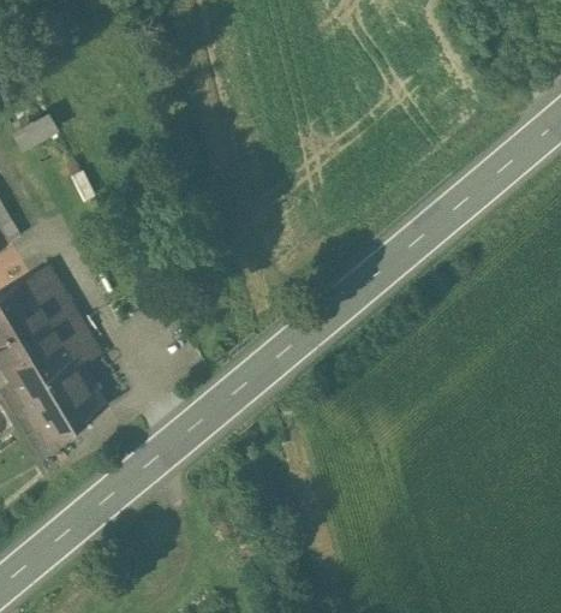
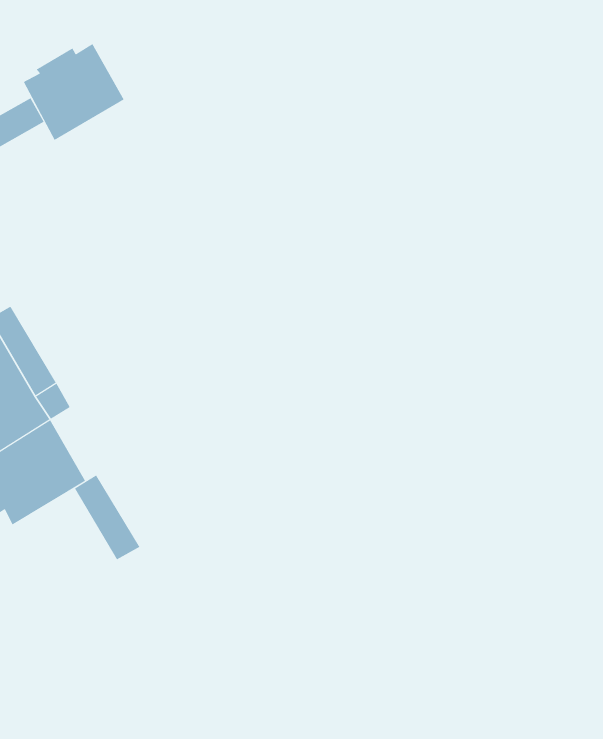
building: none -> [22,43,125,141]
building: none -> [74,474,140,560]

